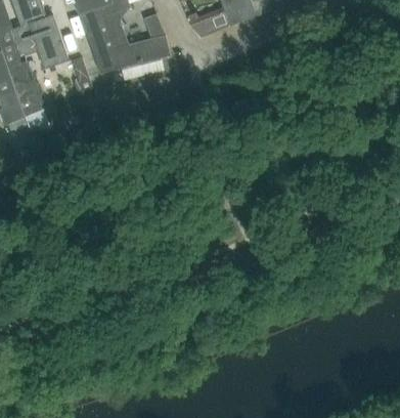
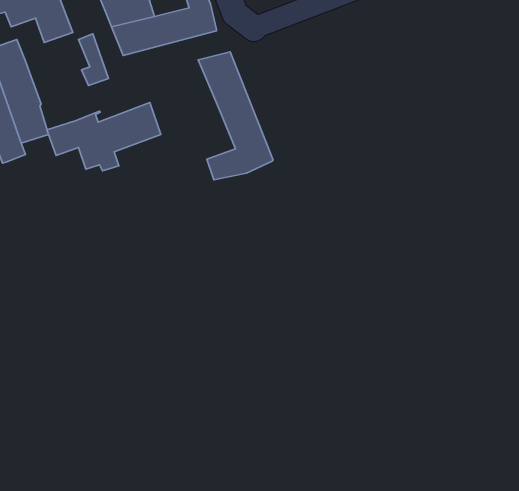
building: none -> [198,52,273,180]
building: none -> [47,102,161,171]

